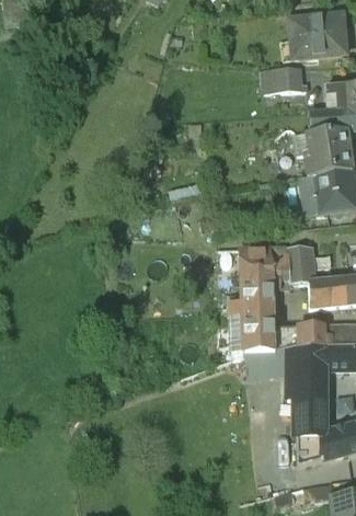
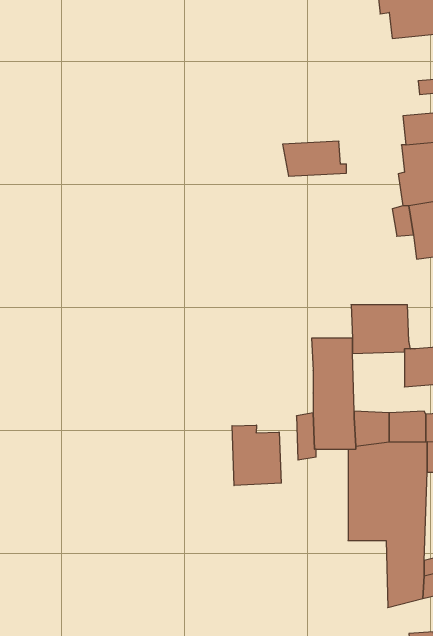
building: [260,65,306,90] -> [283,141,346,176]
building: [242,245,272,270] -> none
building: none -> [232,425,281,486]

